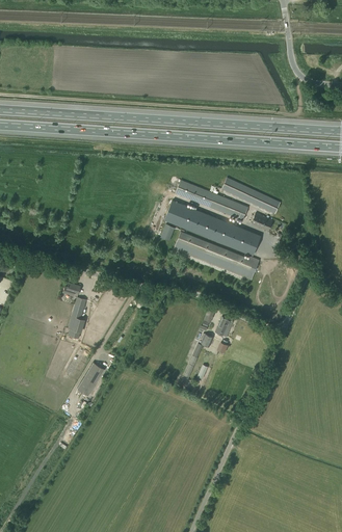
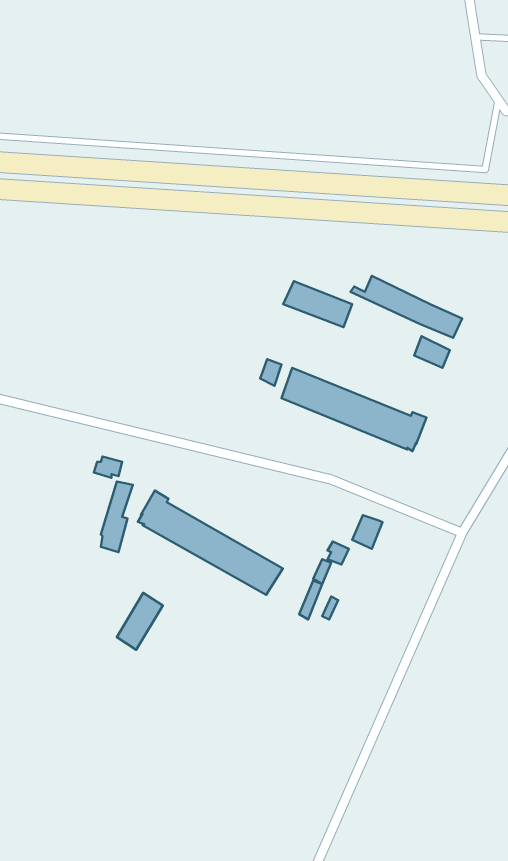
building: [210,193,247,219] -> none
building: [164,201,261,255] -> none
building: none -> [138,491,283,595]

